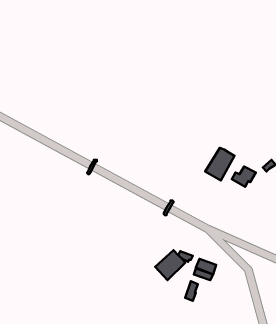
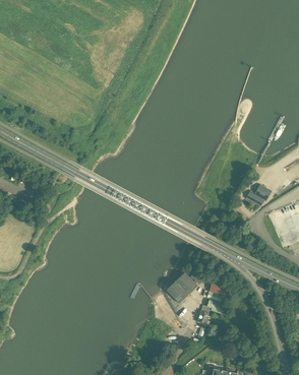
building: [205,148,234,181] -> none

